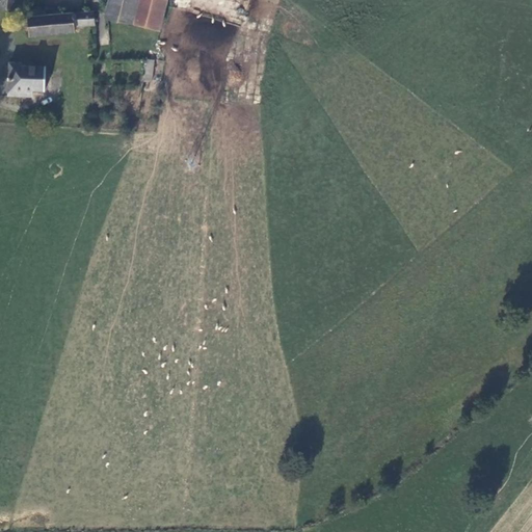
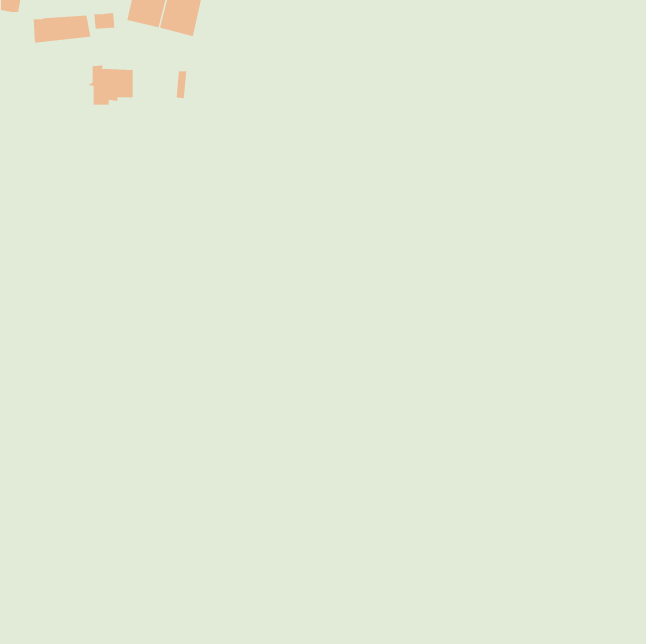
building: [6,61,44,95] -> [88,65,133,105]

